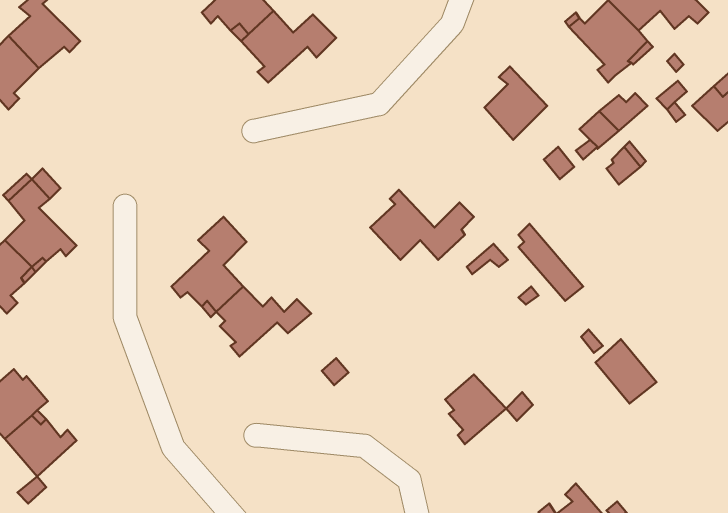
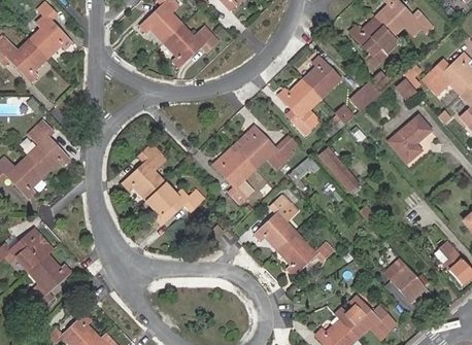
building: none -> [277,80,319,135]
building: none -> [387,115,430,163]
building: none -> [213,145,255,205]
building: none -> [255,195,297,248]
building: [596,339,657,404] -> [390,264,425,301]

